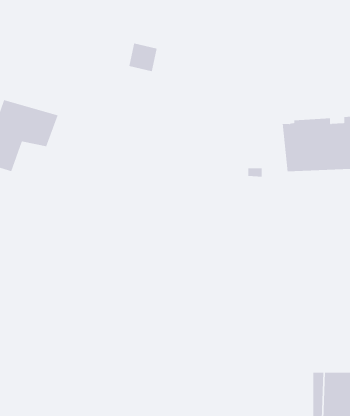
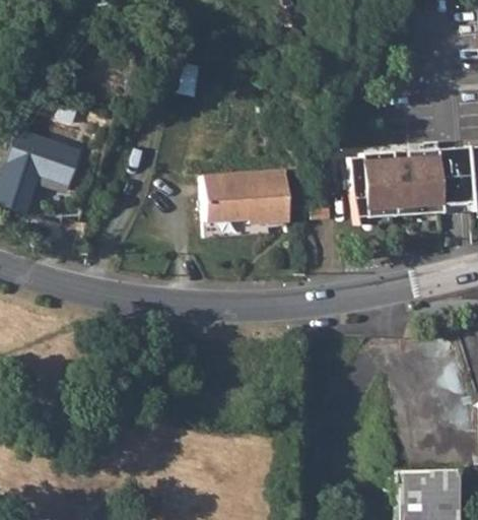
building: none -> [200,165,289,234]

